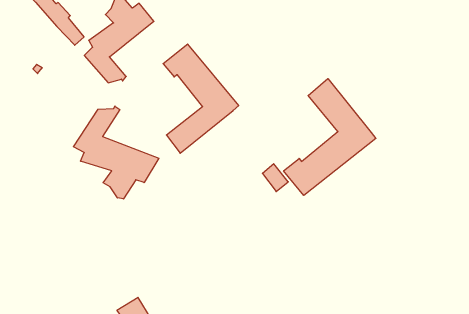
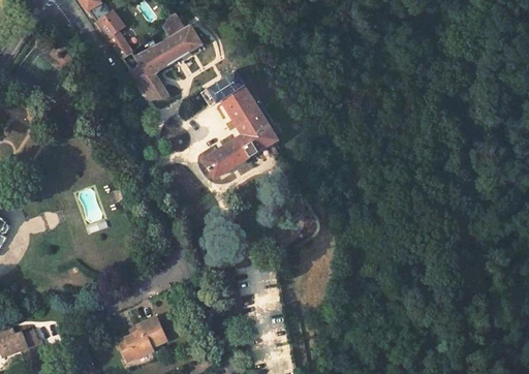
building: [284,79,376,195] -> none
building: [73,106,159,199] -> none

